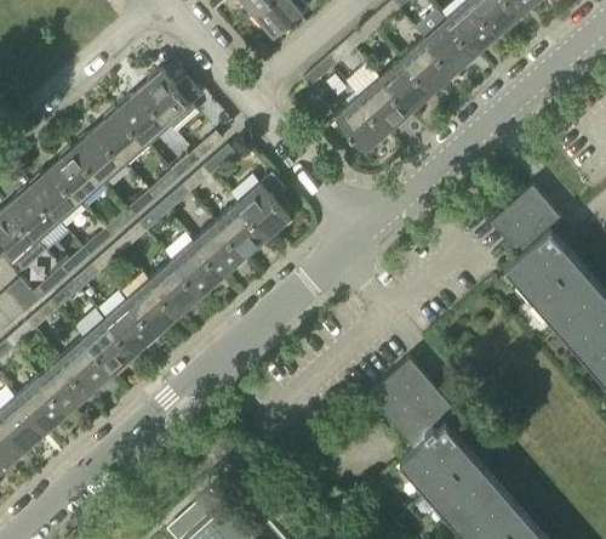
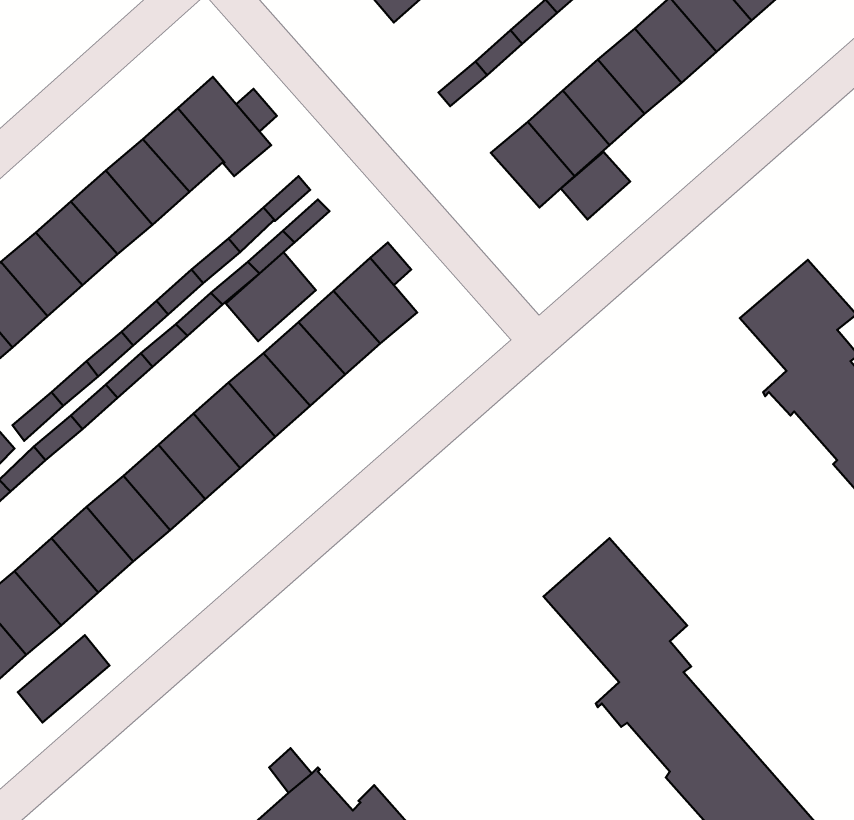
building: none -> [561,152,630,219]
building: none -> [226,252,316,341]
building: none -> [18,635,109,723]

